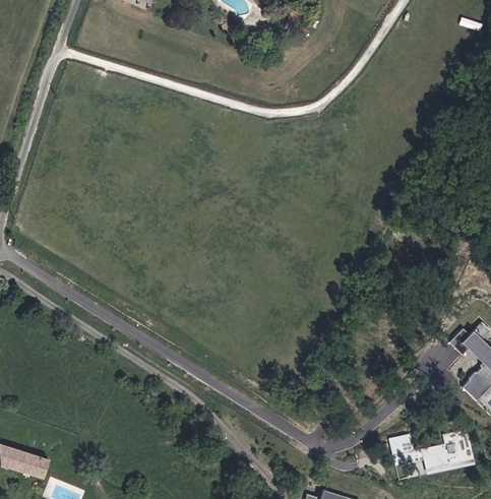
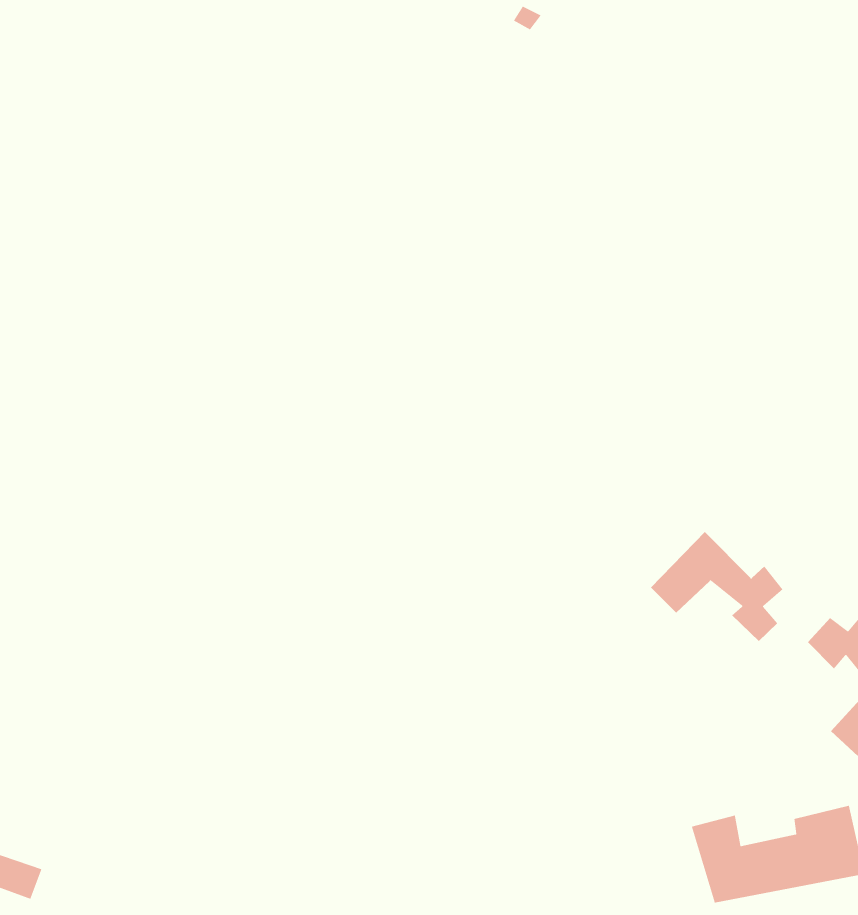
building: none -> [650,531,783,642]

